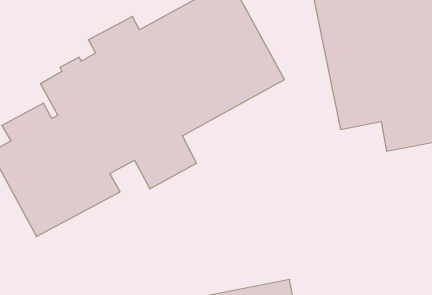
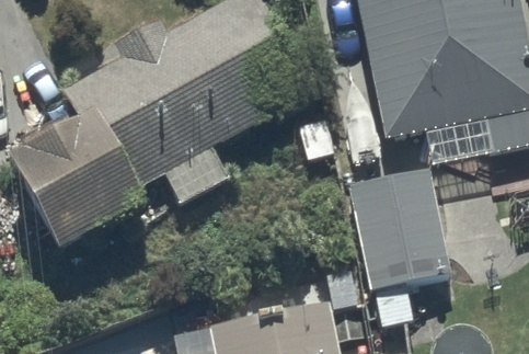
building: none -> [348,165,453,290]

